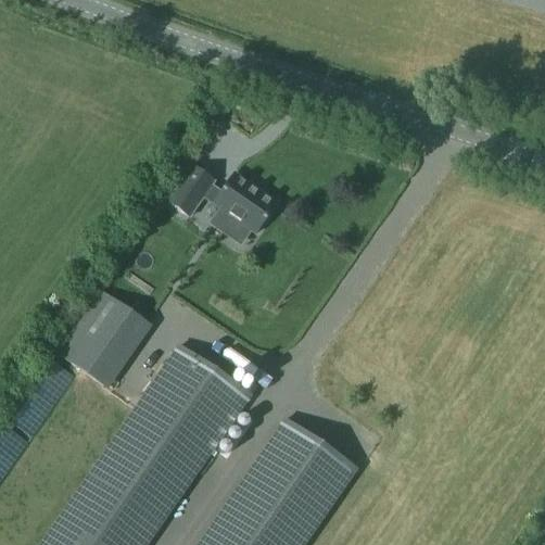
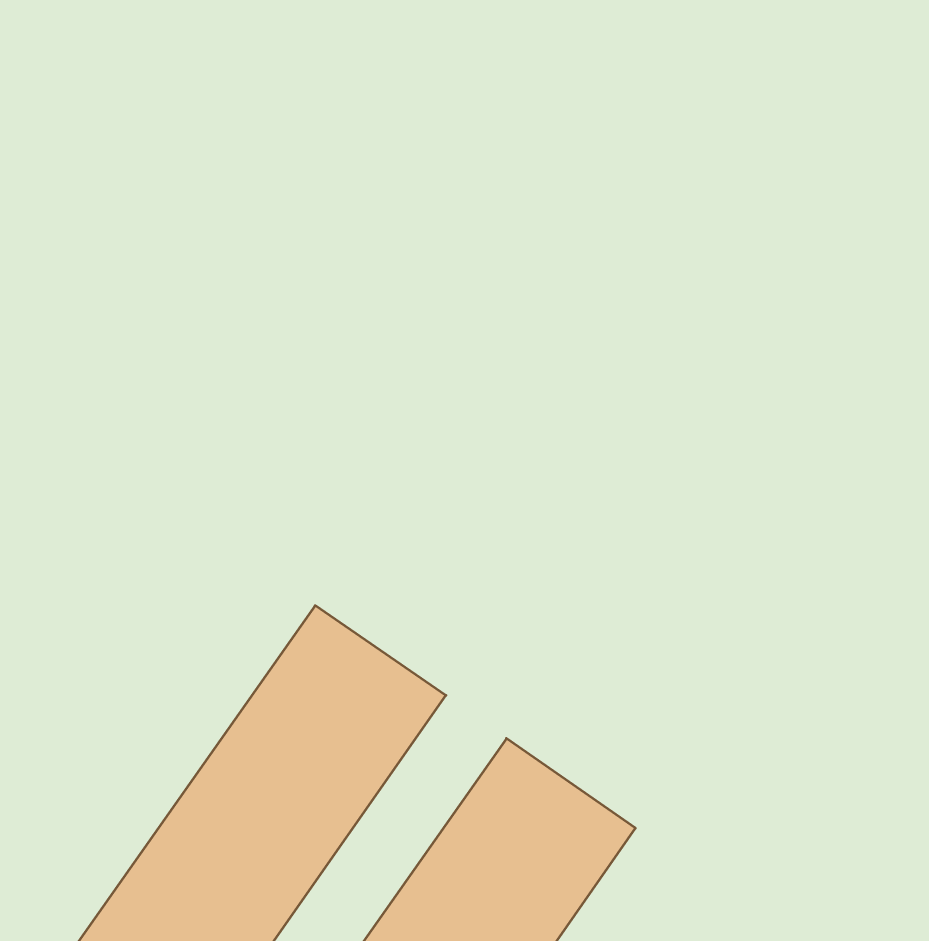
building: [168,167,278,233] -> none
building: [61,294,148,386] -> none

